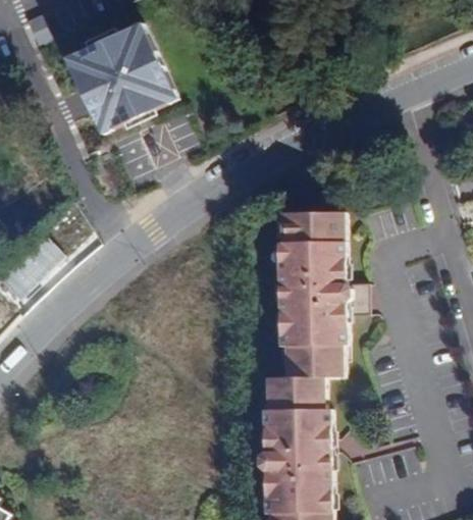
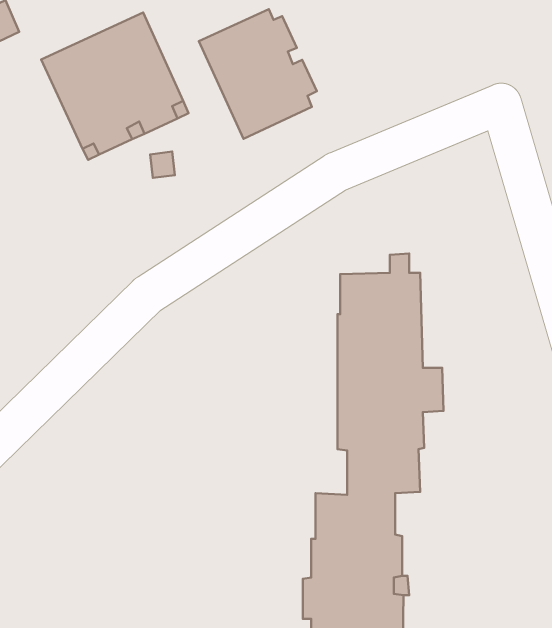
building: none -> [199,9,317,139]

